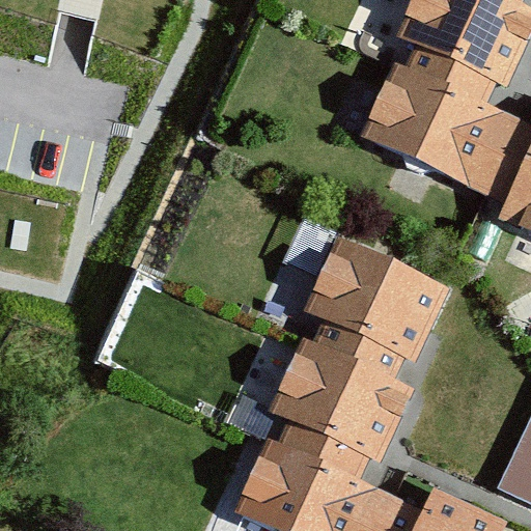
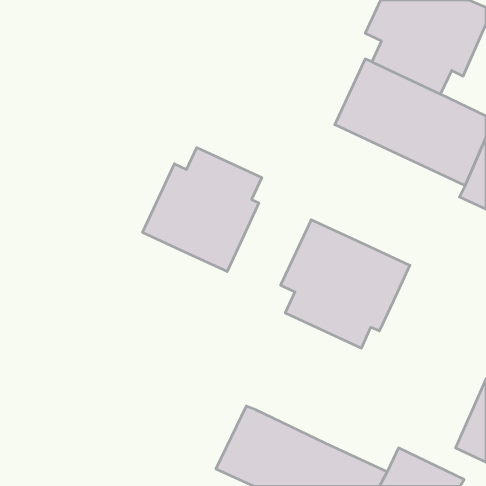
building: none -> [143,148,262,272]
building: [270,339,413,483] -> none

